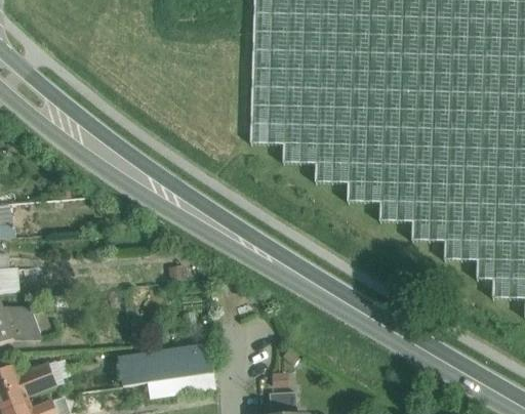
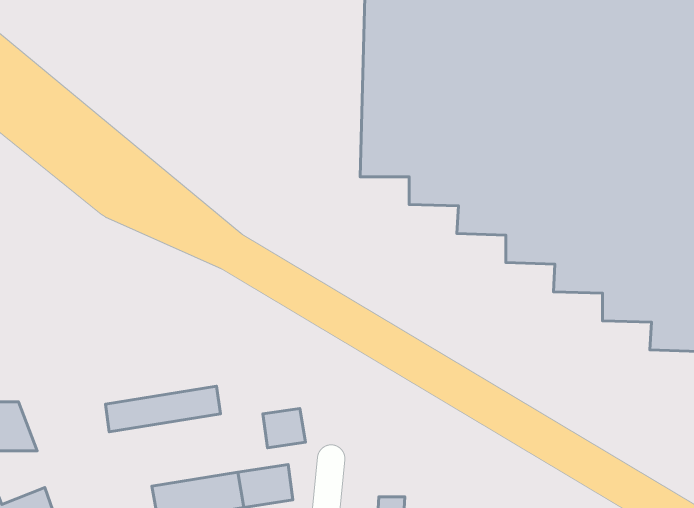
building: none -> [105,386,220,432]
building: none -> [263,409,306,448]

